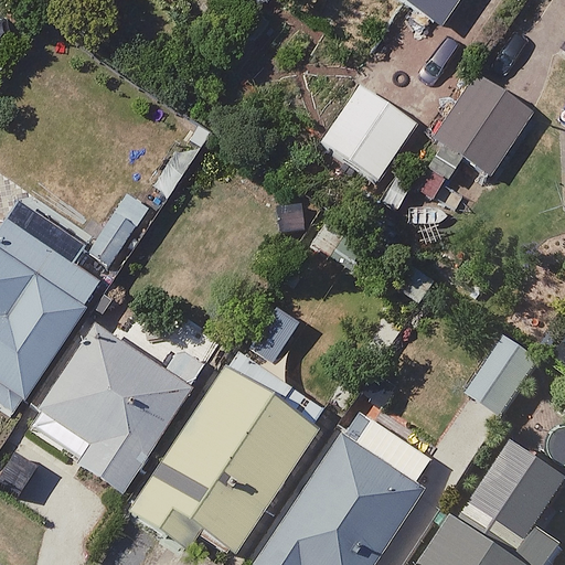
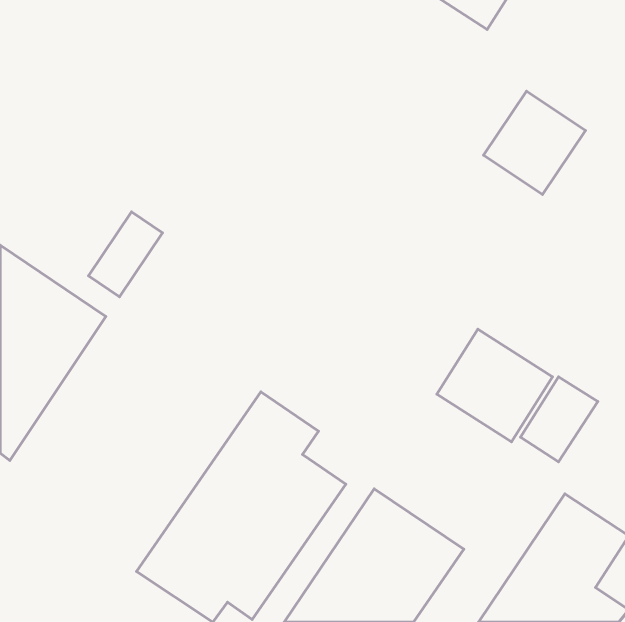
building: [320,86,415,180] -> none
building: [30,287,224,495] -> none
building: none -> [437,329,553,442]

